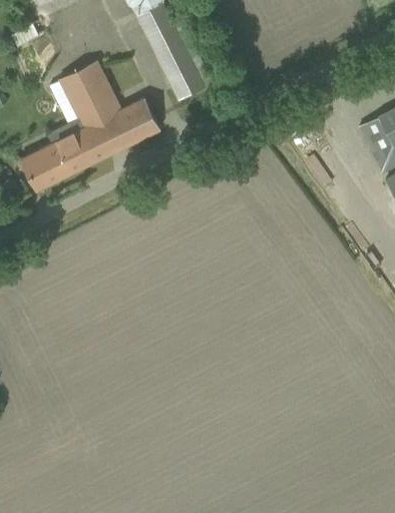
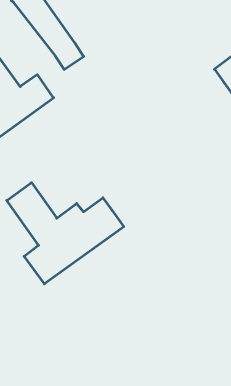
building: none -> [7,183,124,284]

